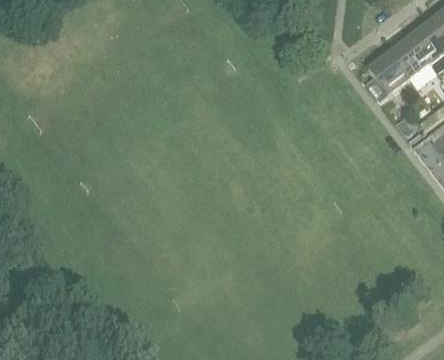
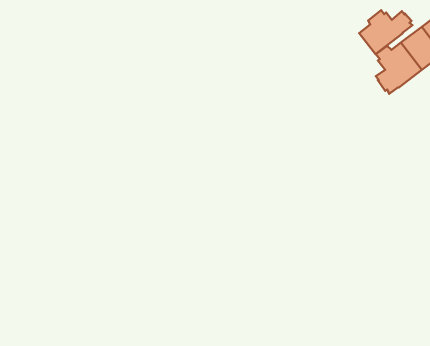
building: none -> [359,10,413,54]

